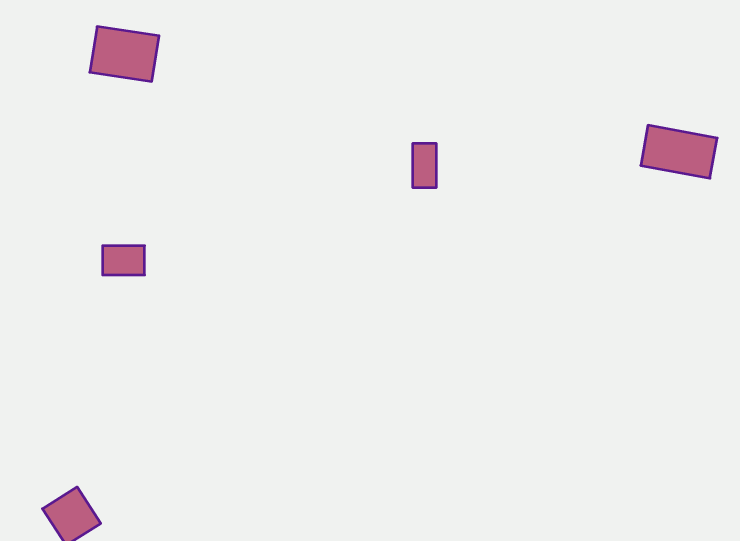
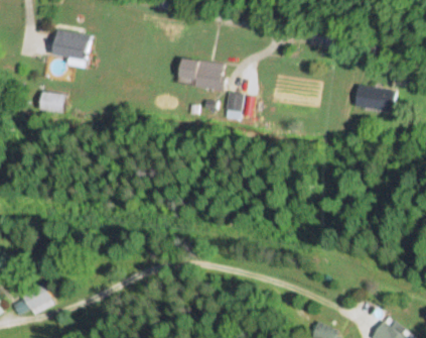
building: none -> [176,59,225,91]
building: [103,246,145,275] -> [42,94,65,110]

